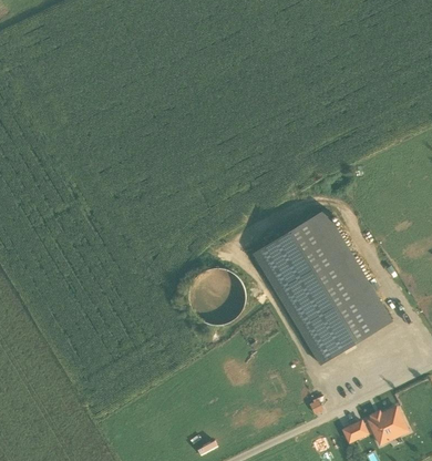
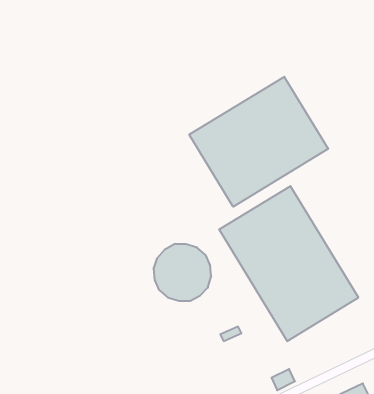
building: none -> [189,77,328,207]

